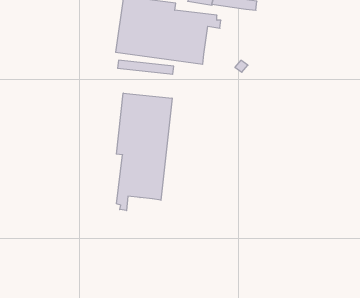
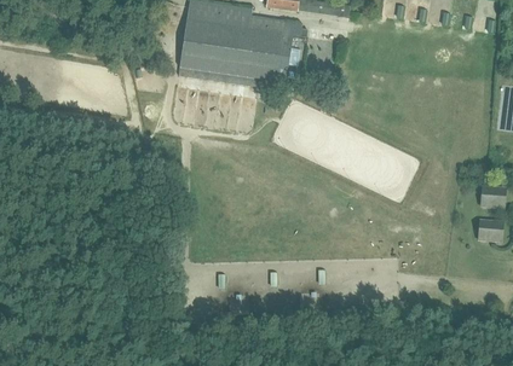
building: [116,93,172,211] -> none

